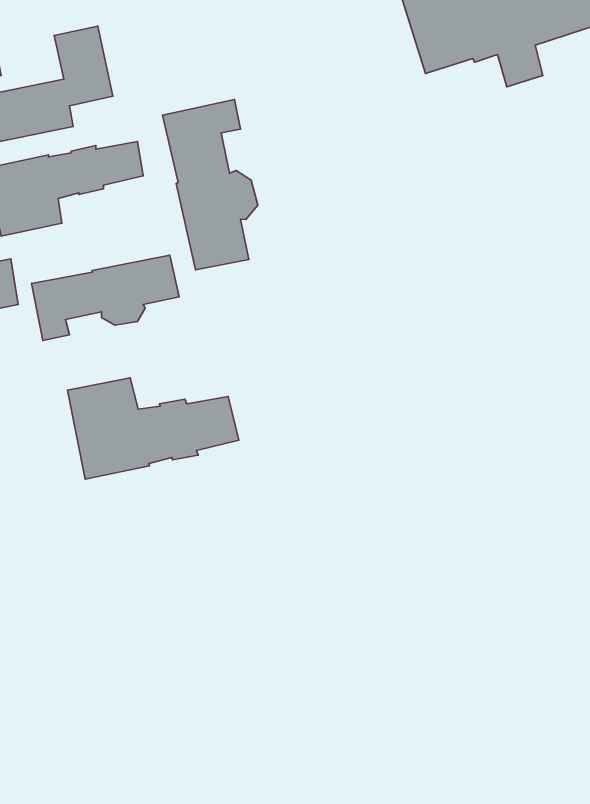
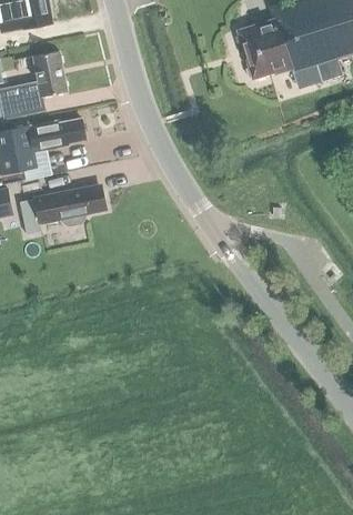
building: [163,99,258,270] -> none
building: [68,378,239,479] -> none

